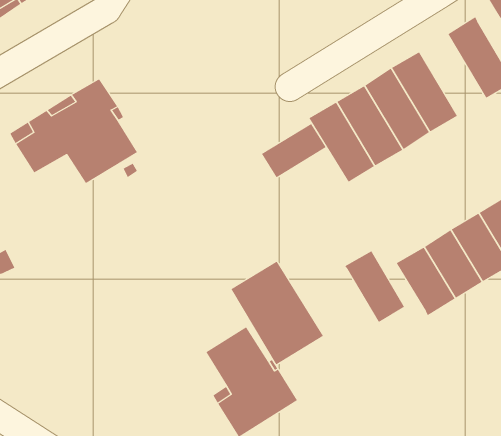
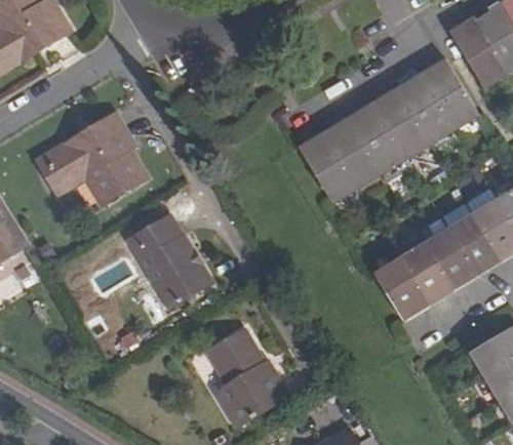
building: none -> [396,73,455,145]
building: [261,123,327,178] -> none
building: [345,251,405,323] -> none
building: [230,261,324,365] -> [130,216,212,308]

